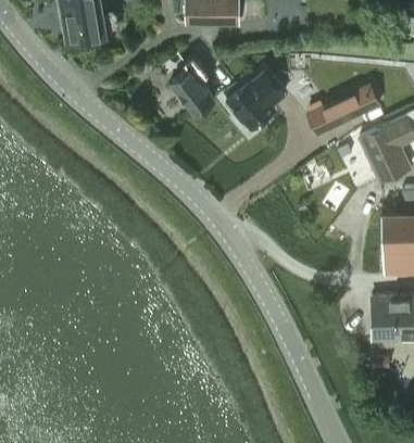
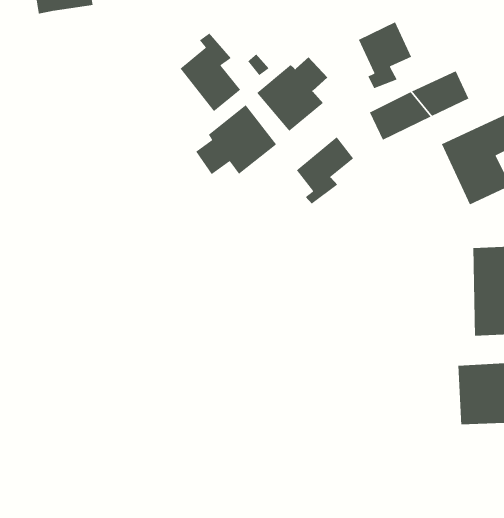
building: none -> [358,21,412,89]
building: none -> [195,104,277,175]
building: none -> [296,136,354,204]

